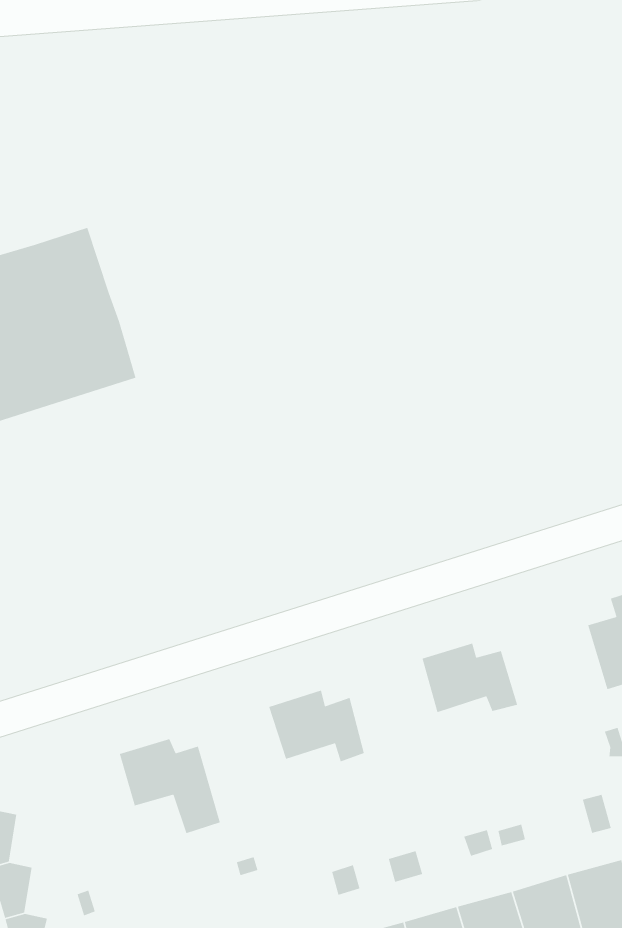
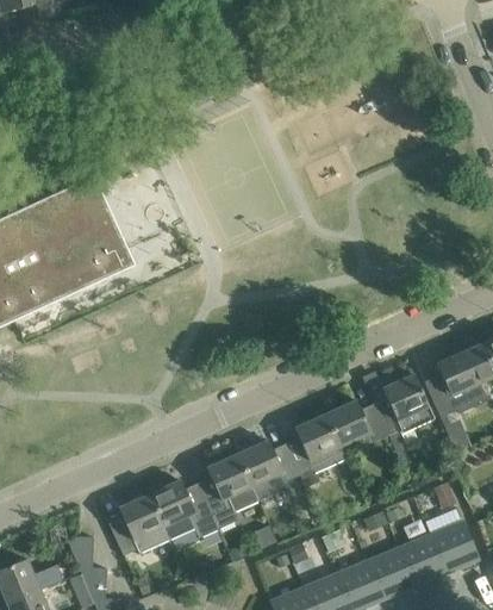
building: none -> [374,374,431,435]
building: none -> [286,413,345,475]
building: none -> [198,454,257,528]
building: none -> [108,493,169,555]

